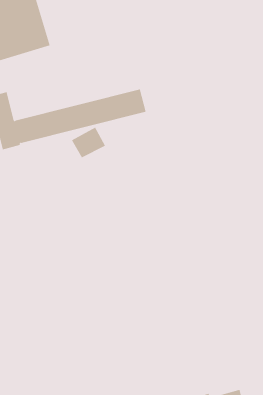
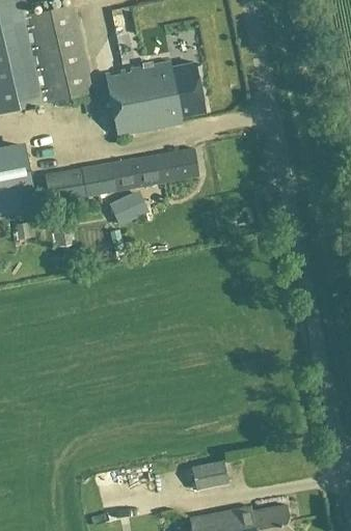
building: none -> [105,61,204,135]
building: none -> [191,462,227,490]

